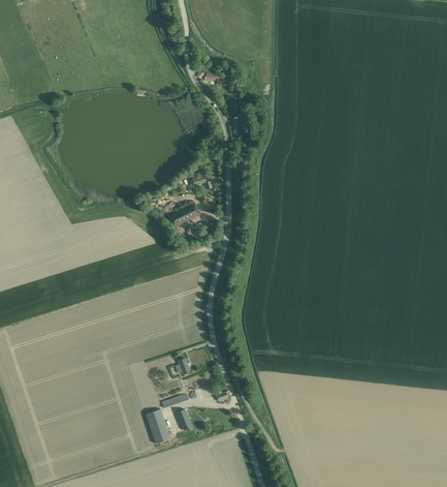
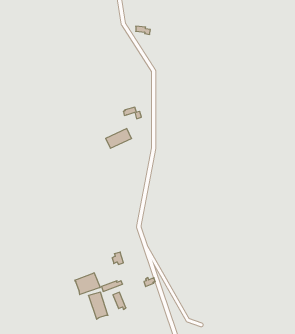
building: none -> [75,273,100,295]

